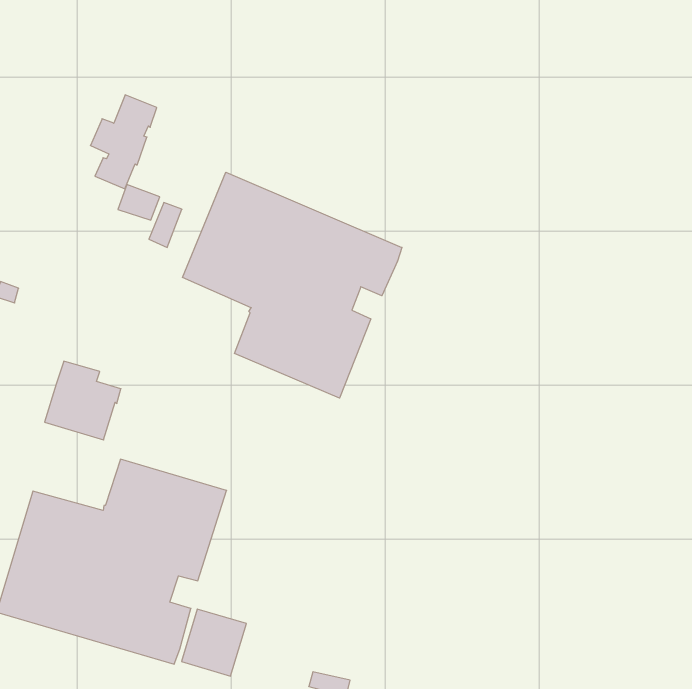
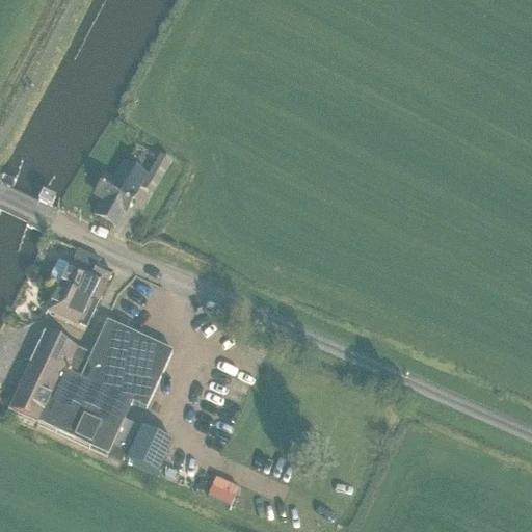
building: [90,95,157,189] -> [96,161,143,223]
building: [183,172,402,398] -> none
building: none -> [47,285,96,326]

